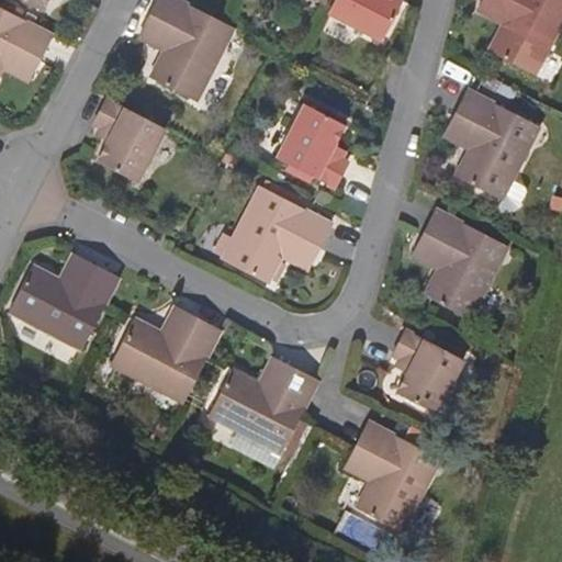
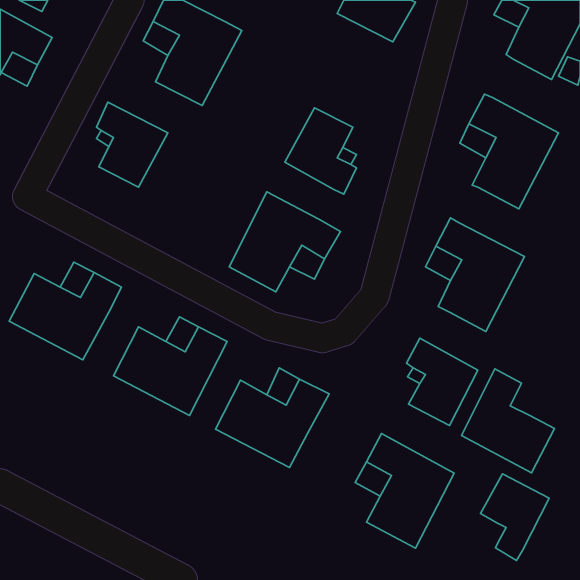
building: none -> [462,369,554,473]
building: none -> [481,474,549,560]

